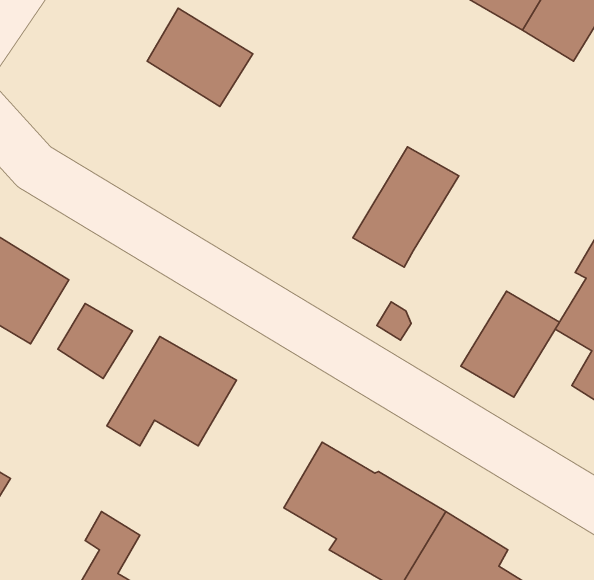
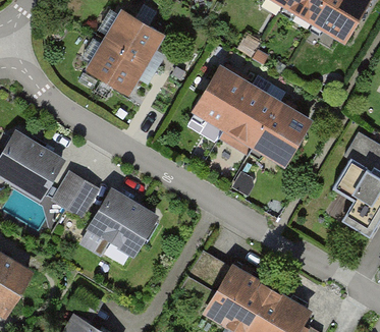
building: none -> [87,39,146,94]
building: none -> [187,64,251,142]
building: [461,291,559,397] -> [254,103,309,162]

